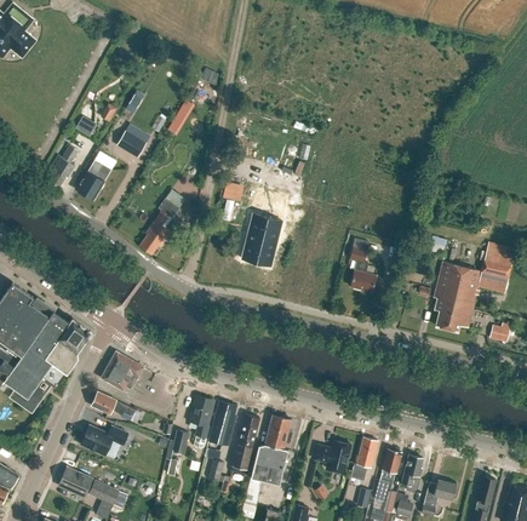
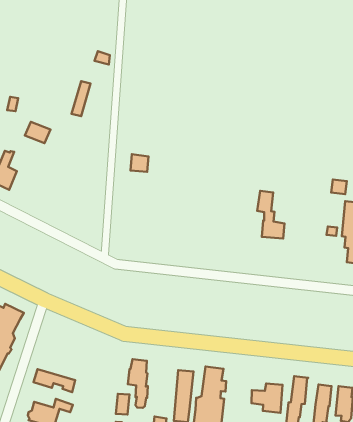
building: [139,196,179,253] -> none
building: [240,214,279,264] -> none
building: [101,350,143,391] -> none
building: [208,401,236,443] -> none

